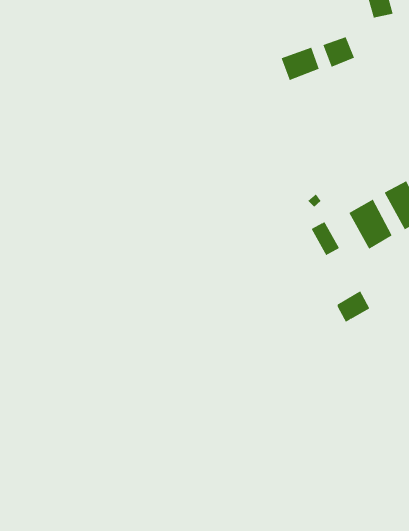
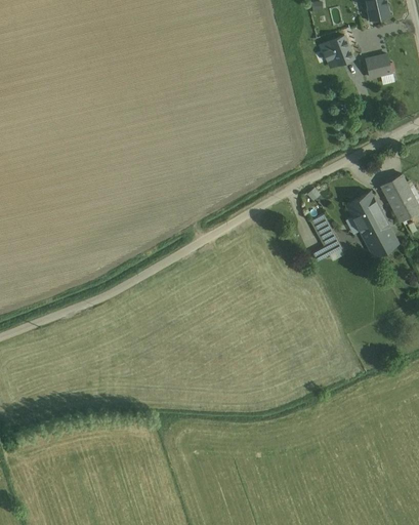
building: [281,47,319,81] -> none
building: none -> [366,54,391,78]
building: [337,290,370,323] -> [366,227,397,257]

